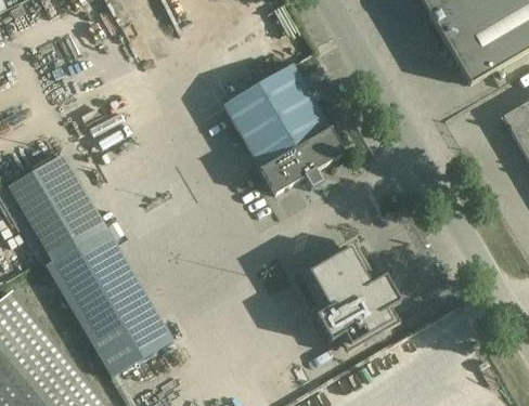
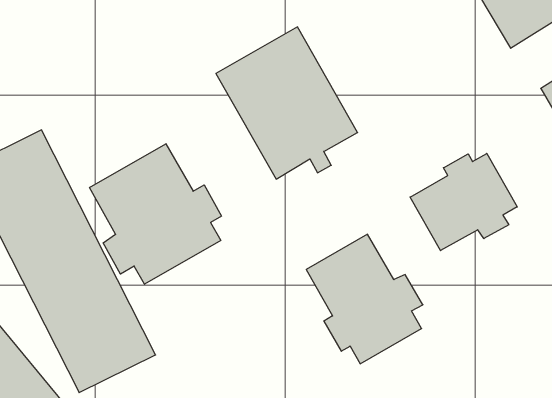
building: none -> [90,144,221,284]
building: none -> [410,153,517,251]

